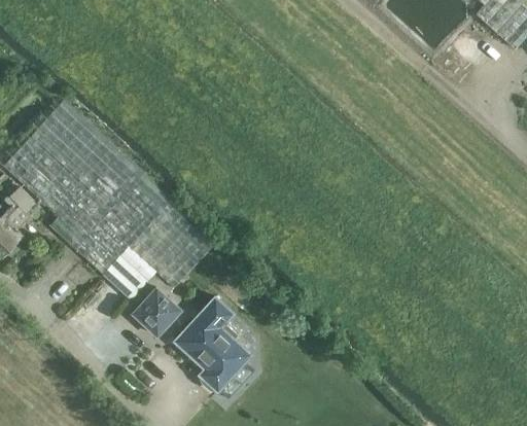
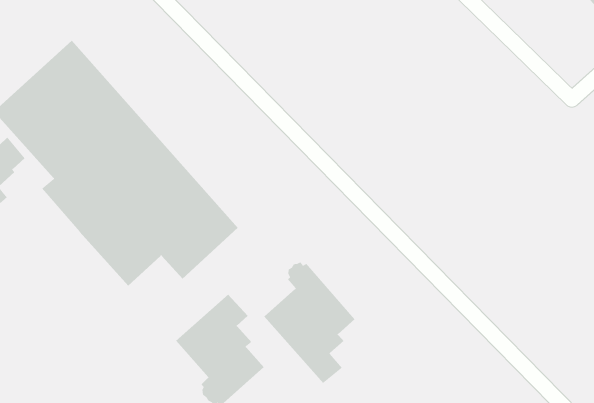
building: none -> [264,262,356,384]
building: [133,288,181,335] -> none

